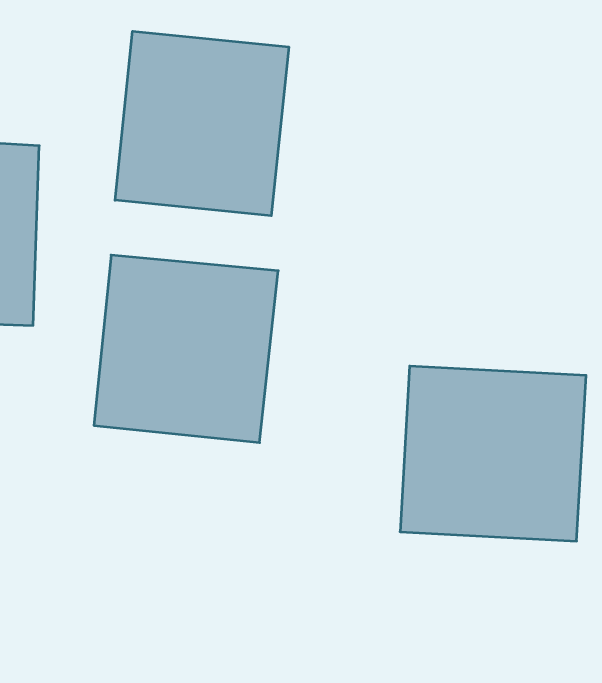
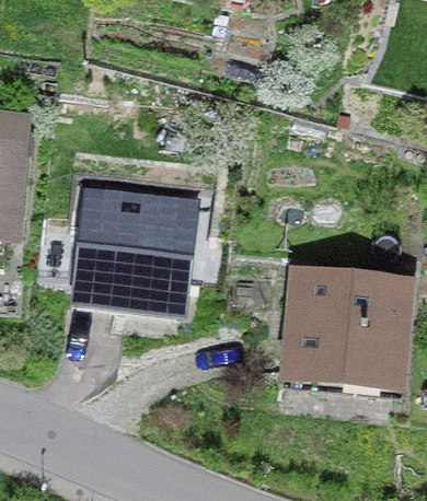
building: [115,31,289,216] -> none

